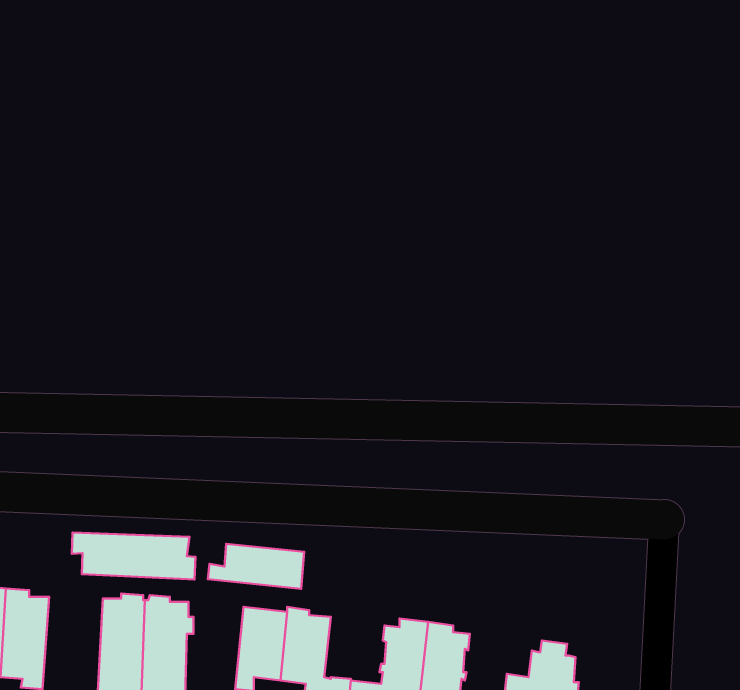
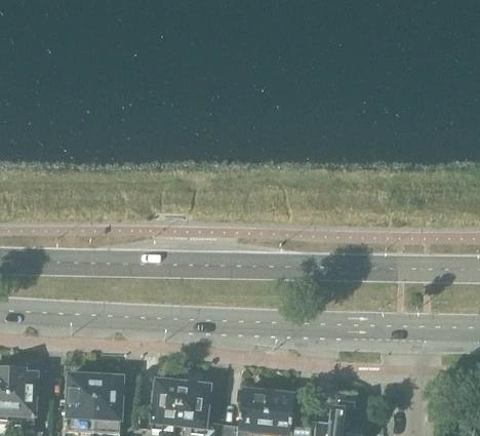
building: [72,533,195,580] -> none
building: [208,544,304,589] -> none

